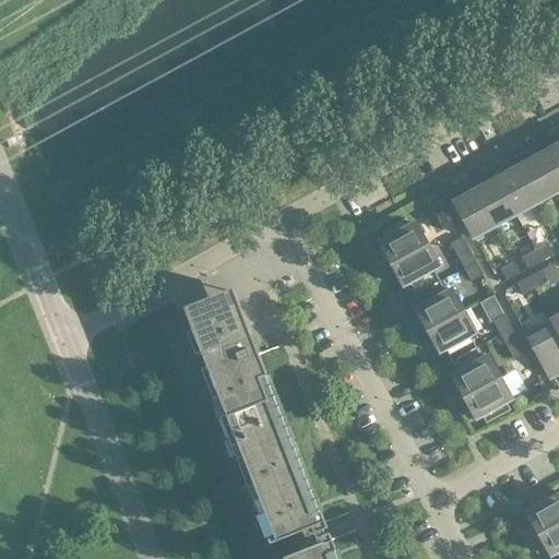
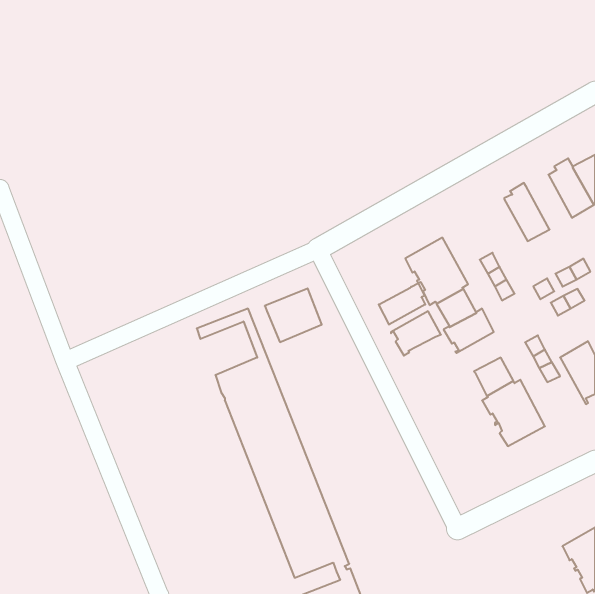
building: [493,160,536,216] -> none
building: [449,183,495,239] -> none
building: none -> [379,283,425,325]
building: [188,302,241,353] -> [265,288,322,342]
building: [428,312,475,354] -> [391,311,441,356]

